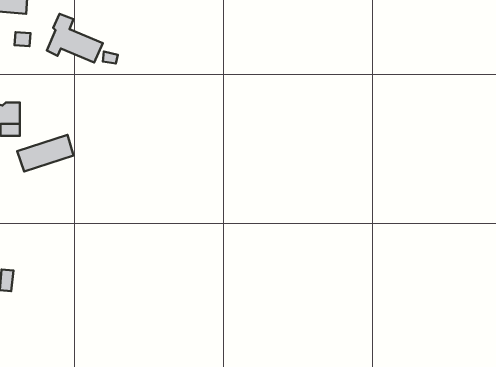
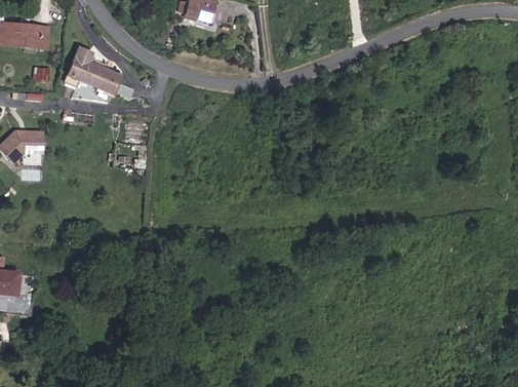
building: [17,135,74,172] -> none

